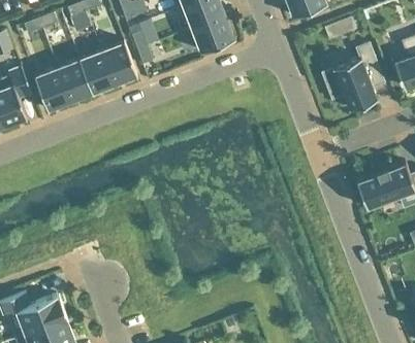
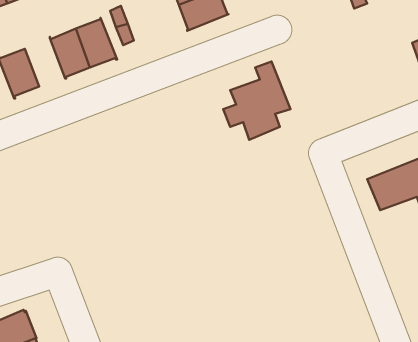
building: [327,42,386,110] -> [223,62,291,140]
building: [58,59,93,101] -> none

